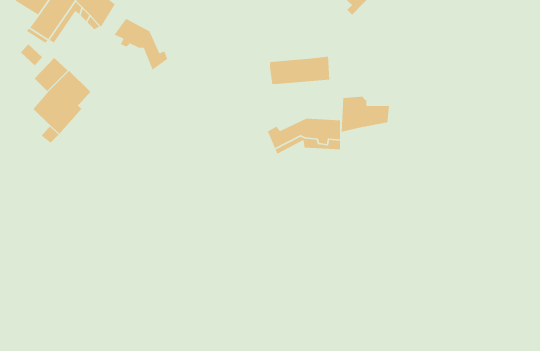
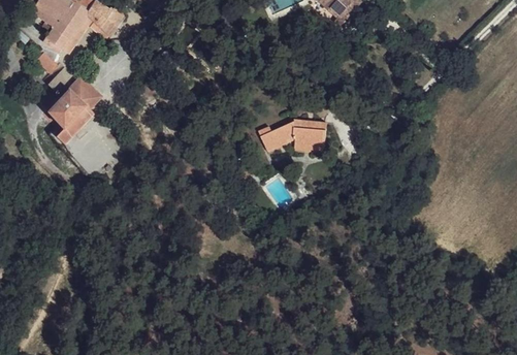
building: [114,18,168,71] -> none
building: [269,56,330,85] -> none
building: [341,96,390,133] -> none

